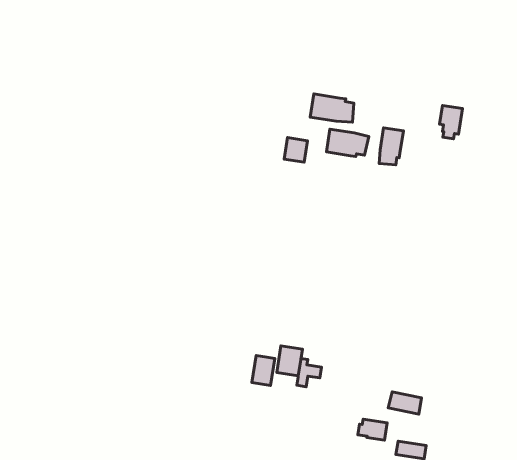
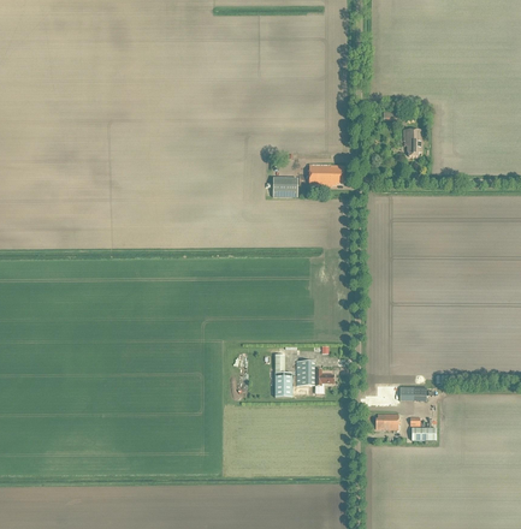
building: [310,94,354,122] -> none
building: [379,128,403,165] -> none

